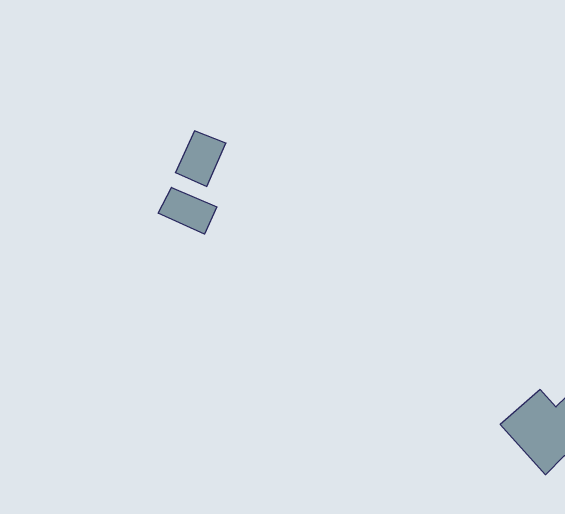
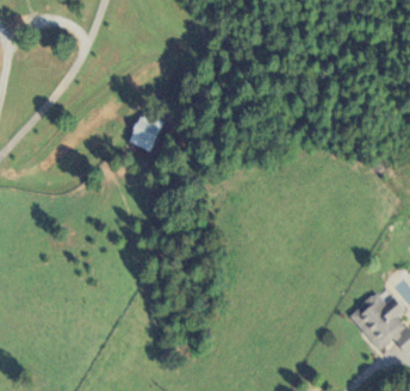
building: [158,187,217,234] -> none

